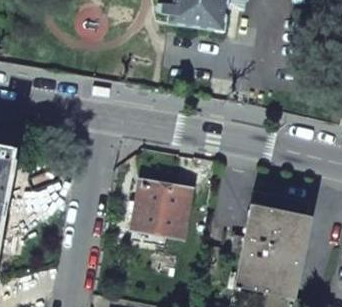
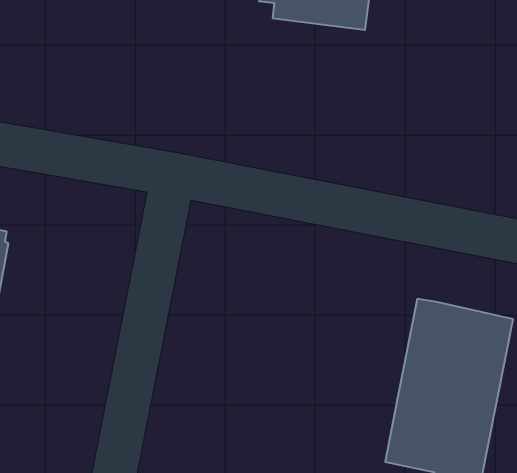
building: [134,181,191,233] -> none

